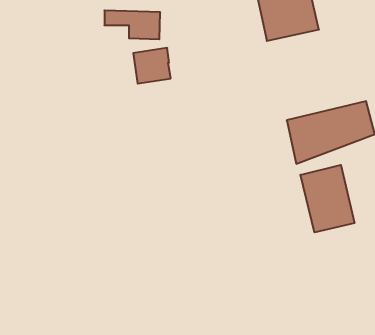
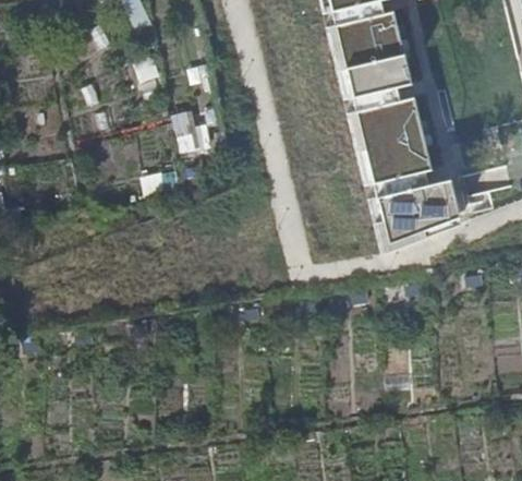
building: none -> [348,95,429,181]
building: [300,165,354,232] -> none

